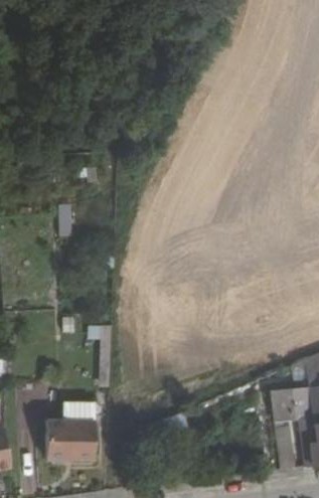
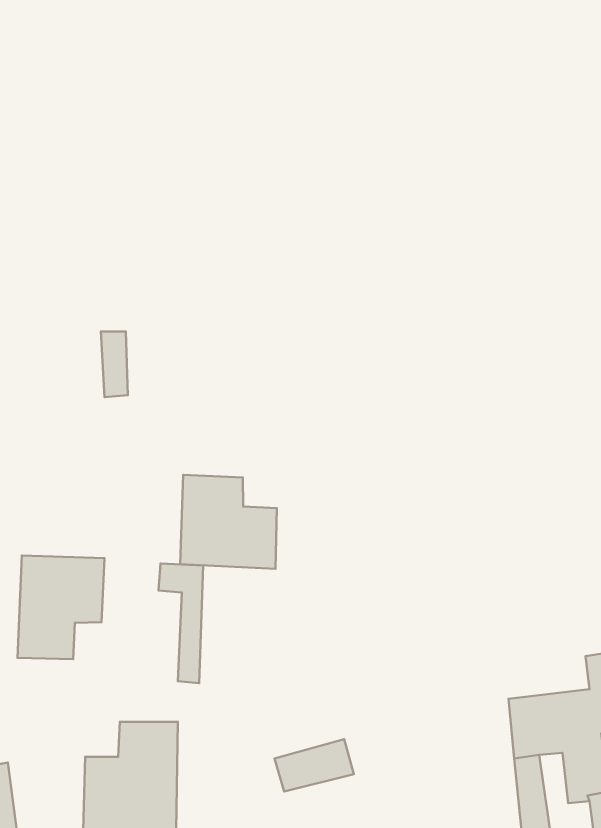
building: none -> [180,475,277,569]
building: none -> [17,555,104,659]

